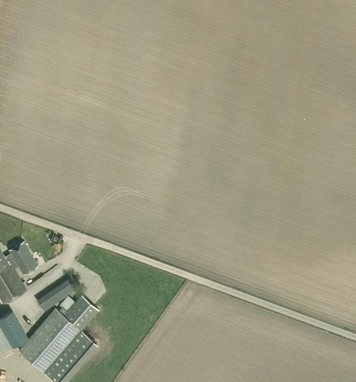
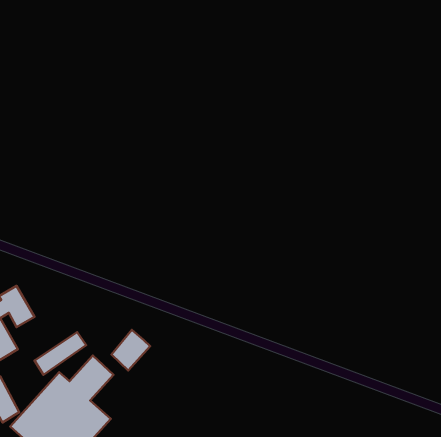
building: none -> [111,330,150,370]

